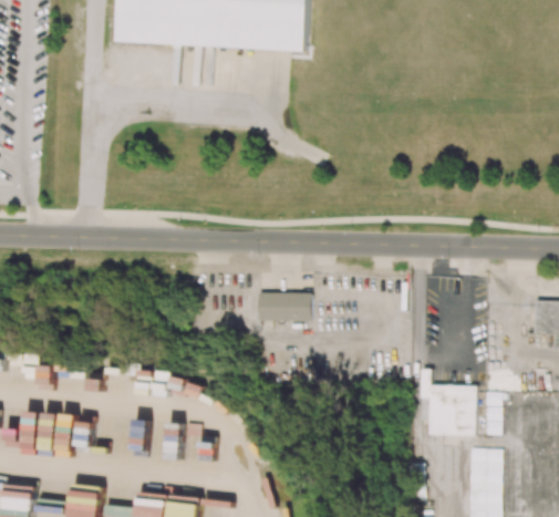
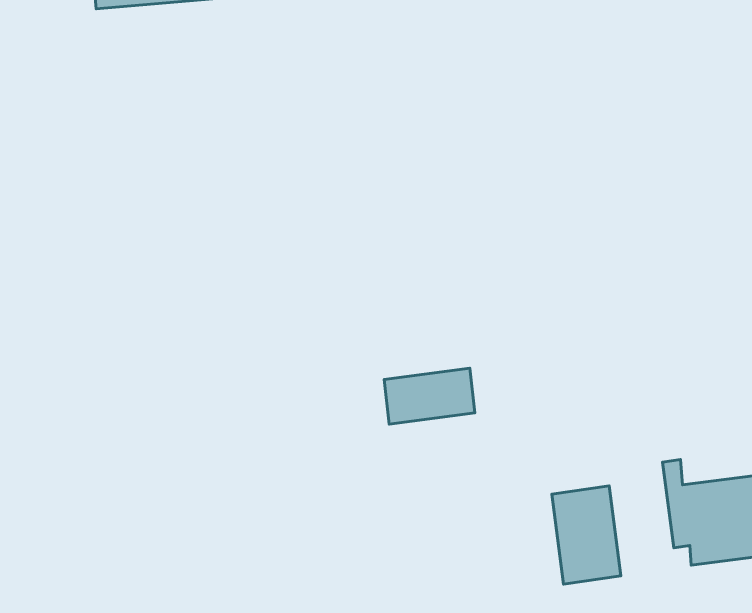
building: none -> [552,486,621,584]

